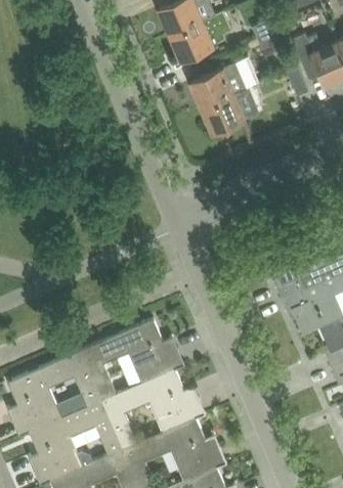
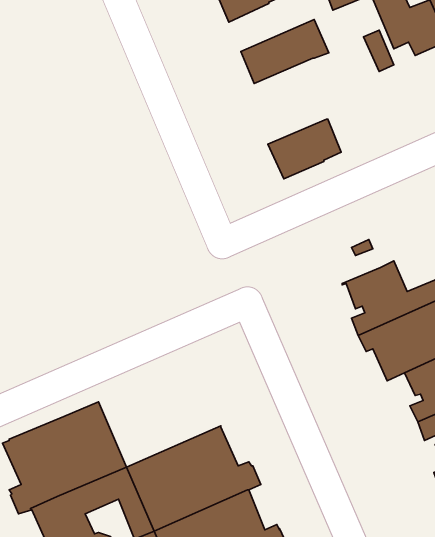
building: [201,88,257,134] -> [268,119,341,179]
building: [81,320,184,402] -> none

